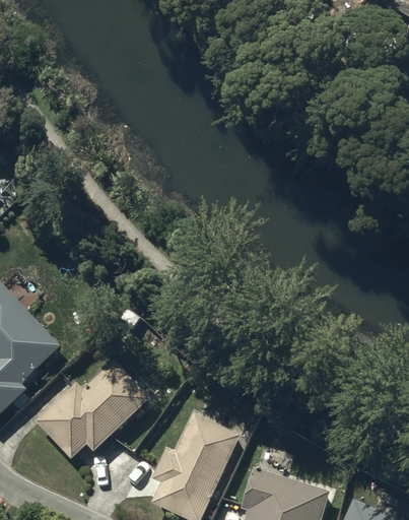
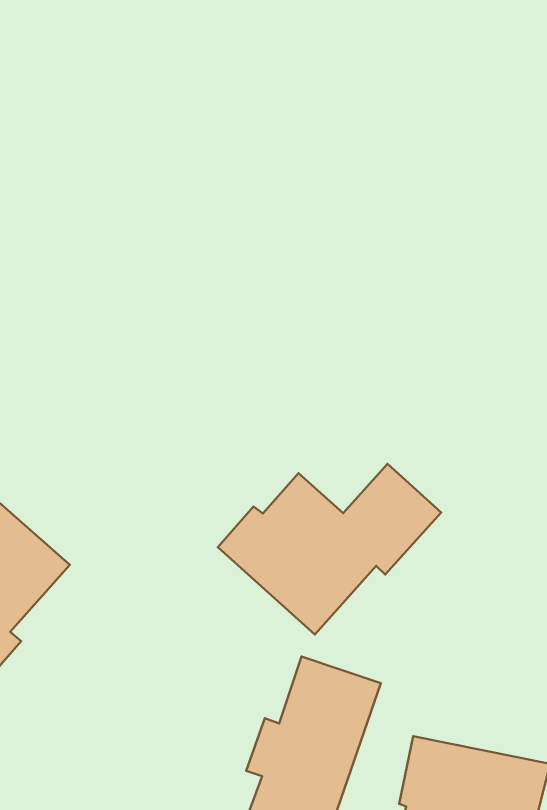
building: none -> [218,464,441,635]
building: [37,361,149,459] -> none

